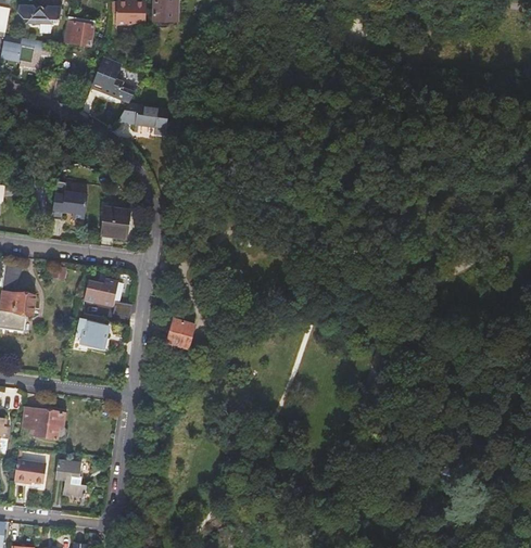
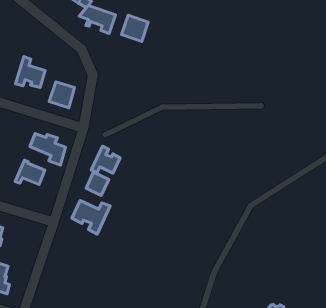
building: none -> [122,15,148,41]
building: none -> [91,146,120,173]
building: none -> [72,200,110,234]

